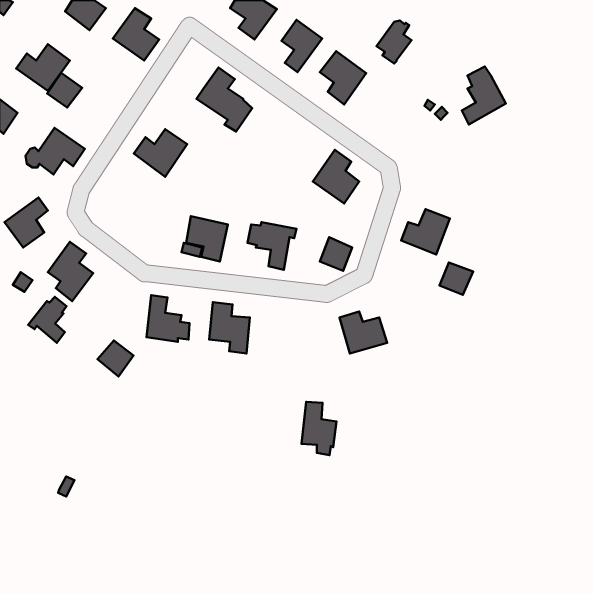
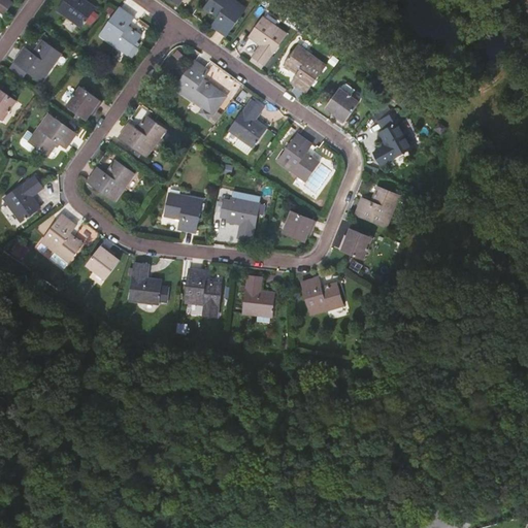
building: [377,21,412,64] -> [327,85,358,123]
building: [462,66,506,124] -> [374,112,414,164]
building: [47,73,82,108] -> [68,87,99,118]
building: none -> [229,100,265,146]
building: none -> [87,159,134,201]
building: [439,262,473,295] -> [342,229,372,258]
building: [28,297,66,343] -> none
building: [98,340,134,377] -> [87,246,119,278]
building: [302,402,337,455] -> [243,275,274,323]

